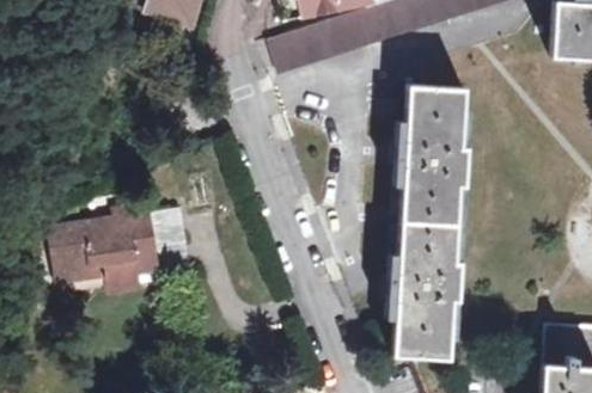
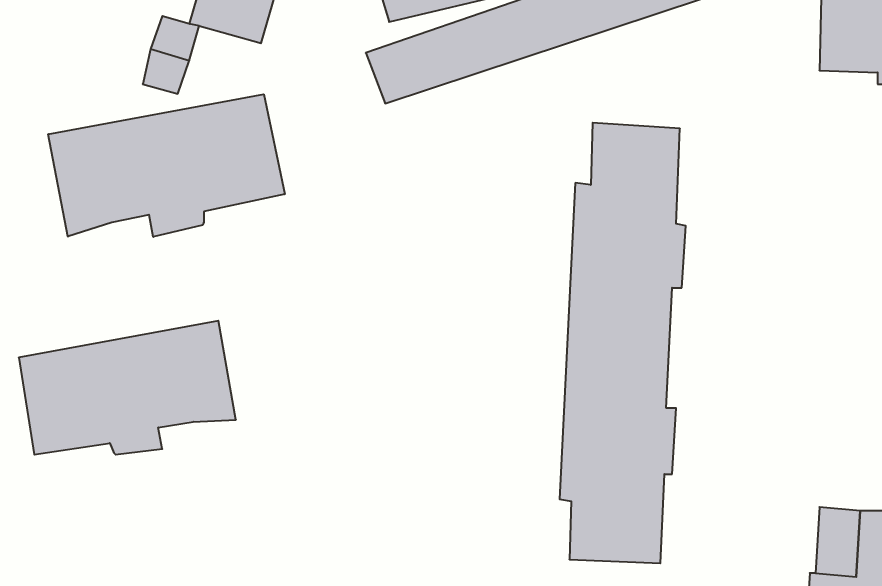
building: none -> [48,94,285,237]

